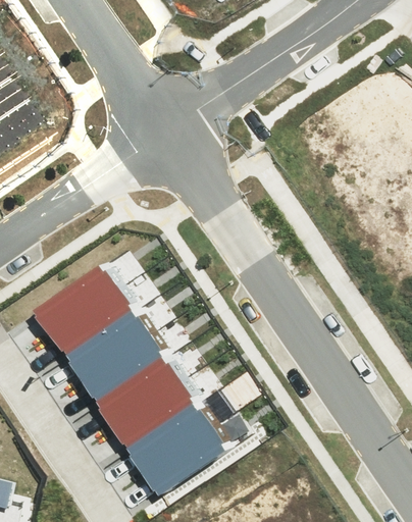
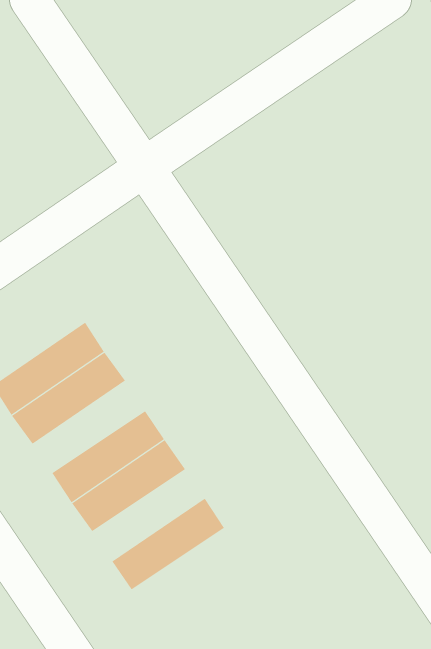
building: [63,309,152,381] -> none
building: [110,378,199,451] -> none
building: [141,424,230,497] -> none

